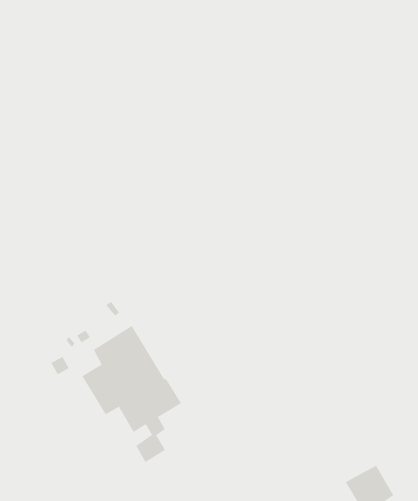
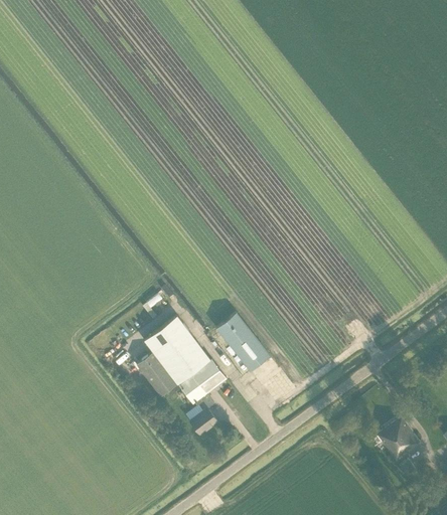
building: none -> [215,312,270,371]

